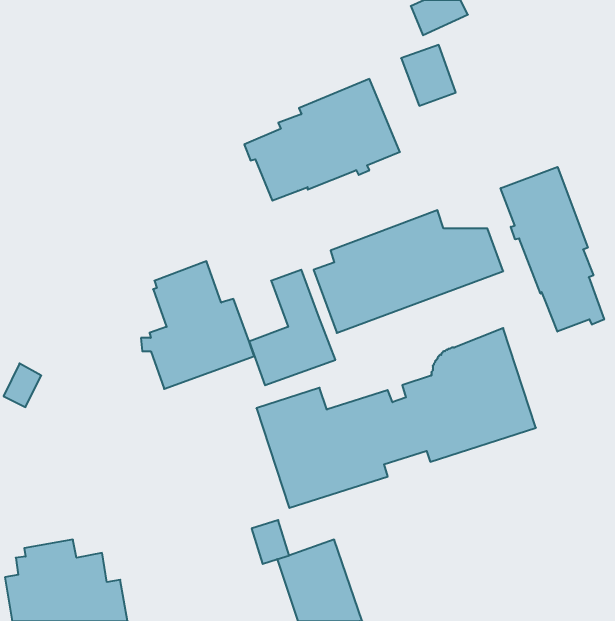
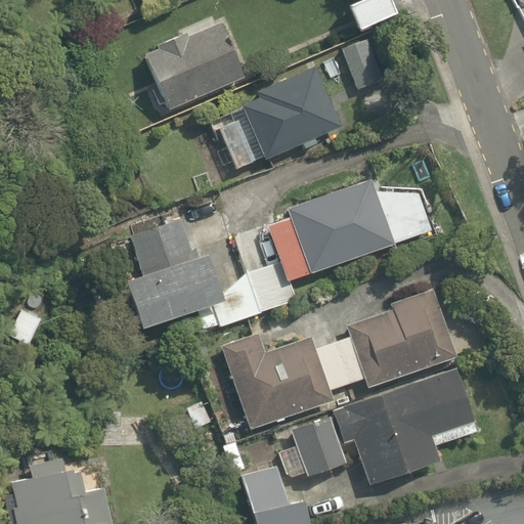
building: none -> [145,21,244,110]
building: [501,167,604,332] -> none
building: none -> [290,368,477,485]

